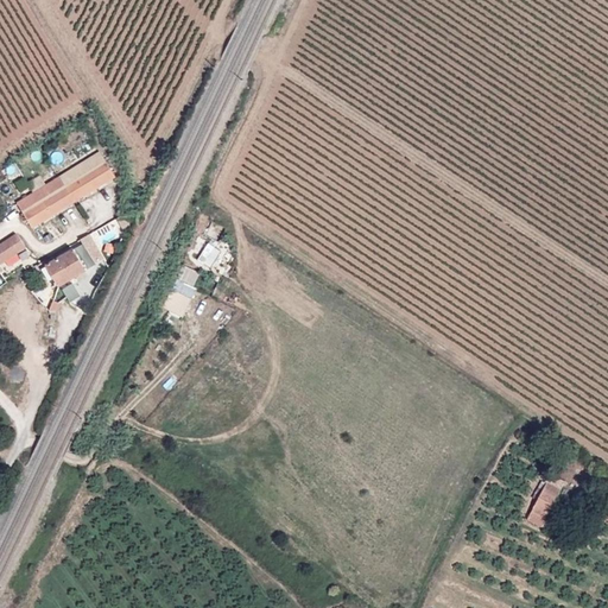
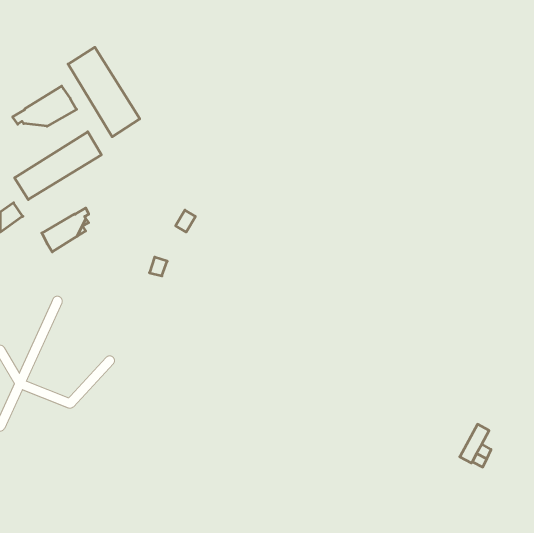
building: none -> [68,47,140,137]
building: none -> [13,86,77,126]

